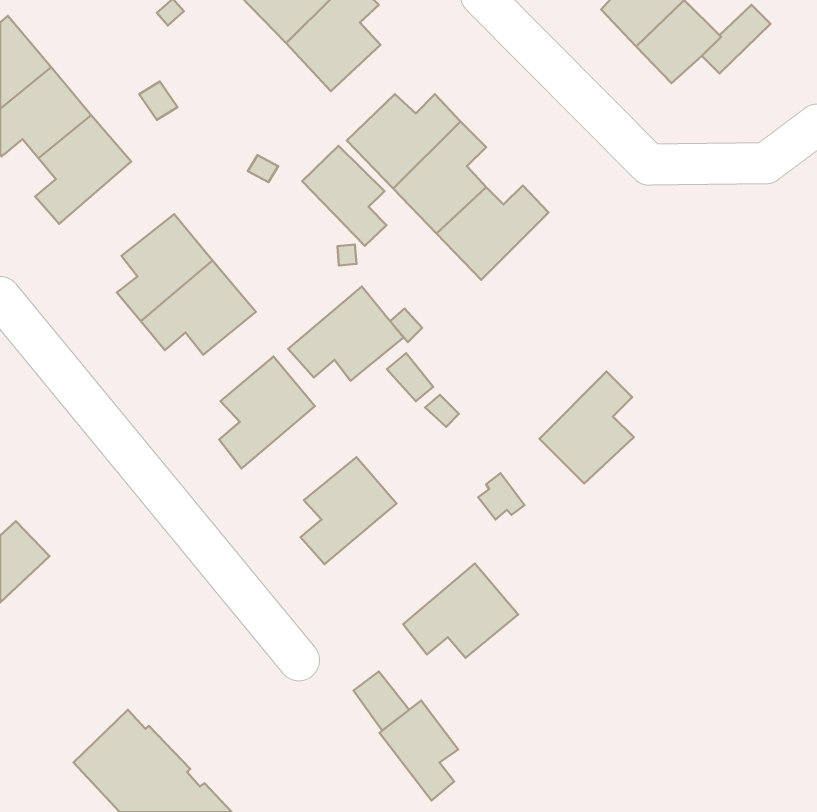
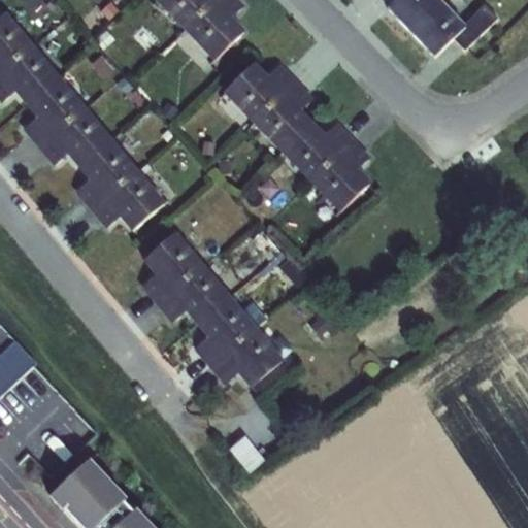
building: [302,146,386,246] -> none
building: none -> [38,104,112,165]
building: [288,286,403,381] -> [156,262,230,323]
building: [539,372,634,484] -> [310,137,371,209]
building: [403,563,518,658] -> [209,325,284,386]
building: [380,701,458,801] -> none

